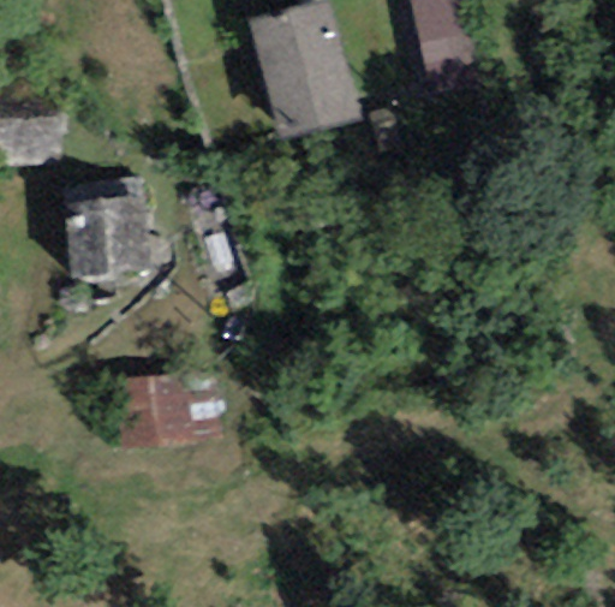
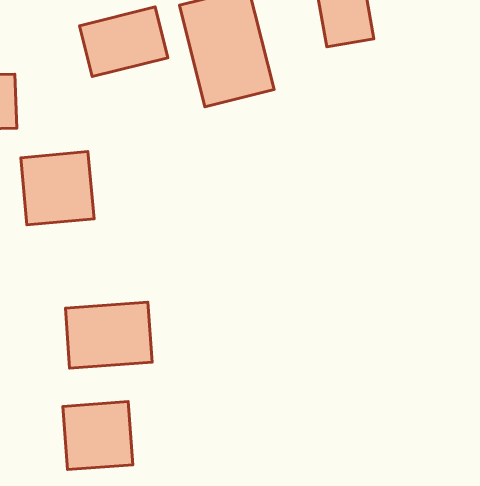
building: none -> [80,7,168,77]
building: none -> [63,402,133,470]

